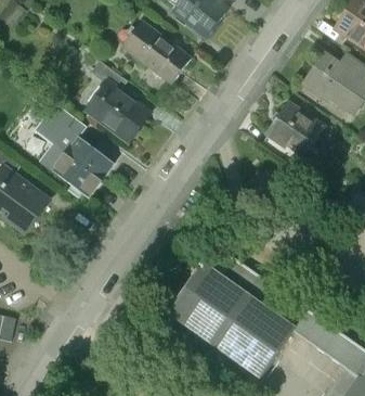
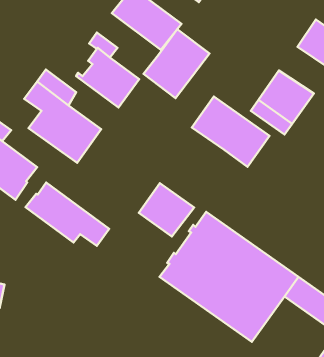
building: none -> [143,29,209,98]
building: none -> [192,96,269,167]
building: none -> [26,183,109,246]
building: none -> [139,183,194,236]

